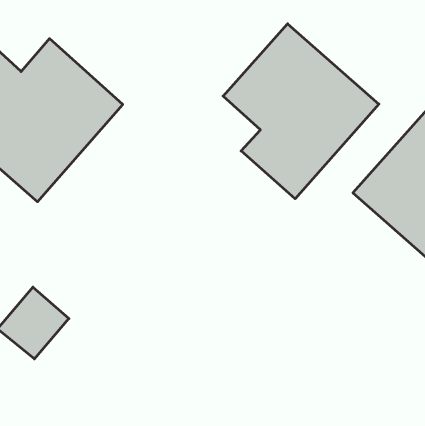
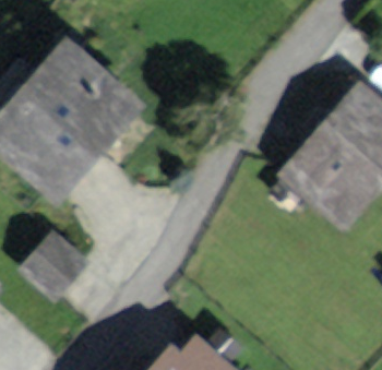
building: [223,24,379,199] -> none

